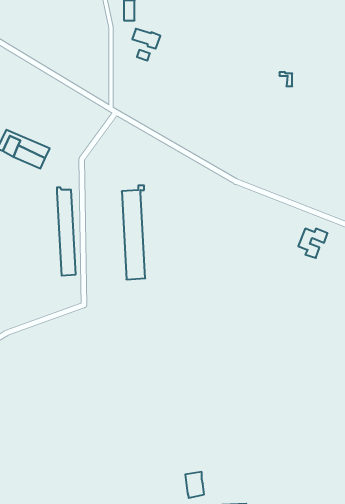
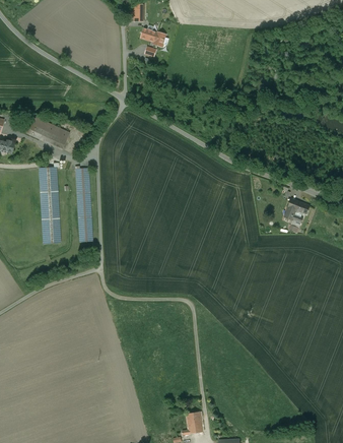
building: [122,185,145,279] -> [40,163,60,244]

